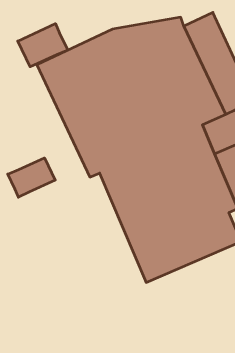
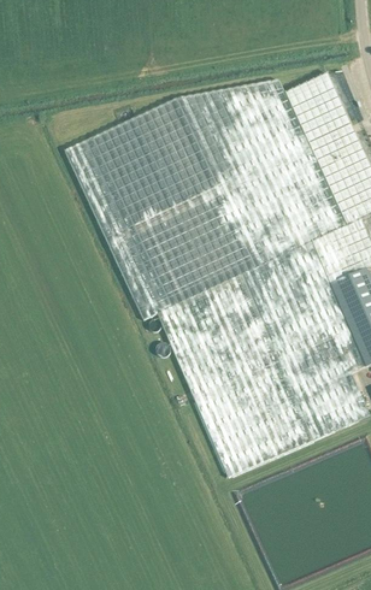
building: [18,24,68,67] -> none
building: [8,158,55,197] -> none

